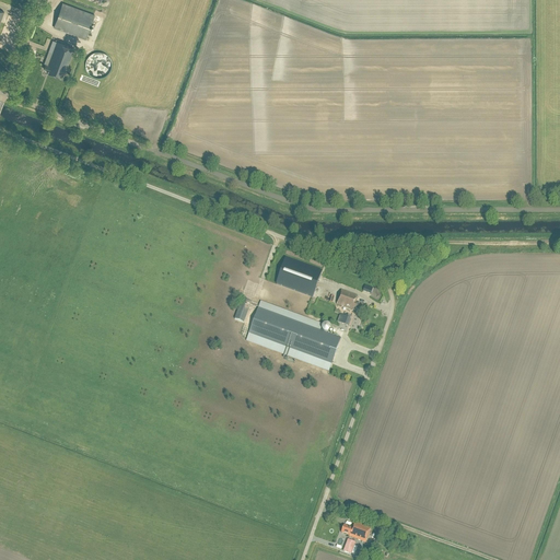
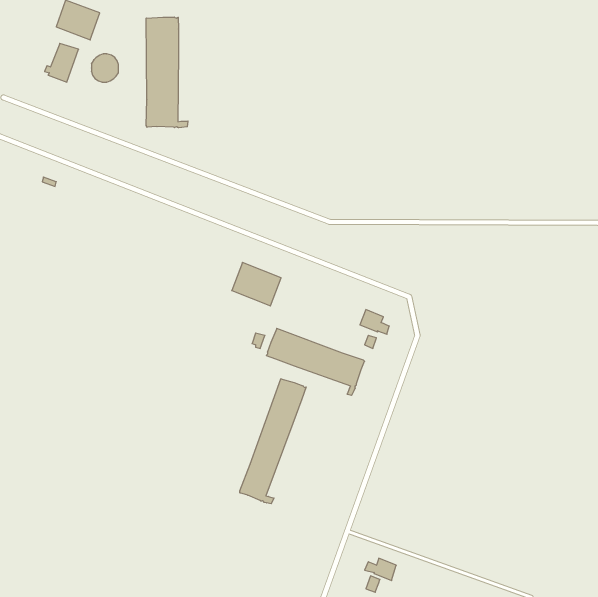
building: none -> [146,17,188,128]
building: [275,257,320,298] -> [232,262,281,306]
building: none -> [240,379,306,504]

